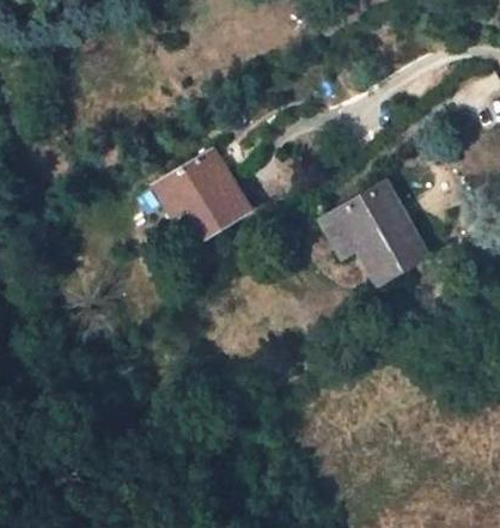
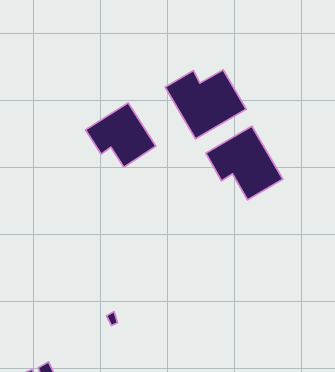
building: none -> [165,70,246,139]

